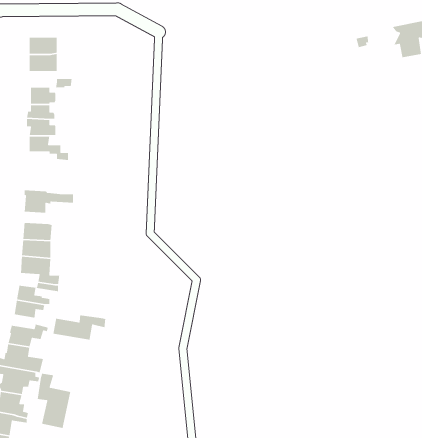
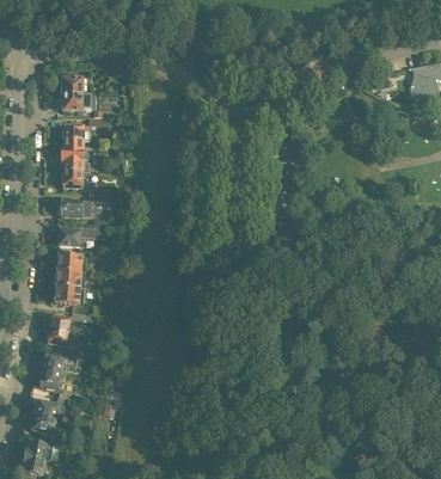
building: none -> [59,196,116,217]
building: [52,315,106,340] -> none
building: [37,373,71,429] -> none

